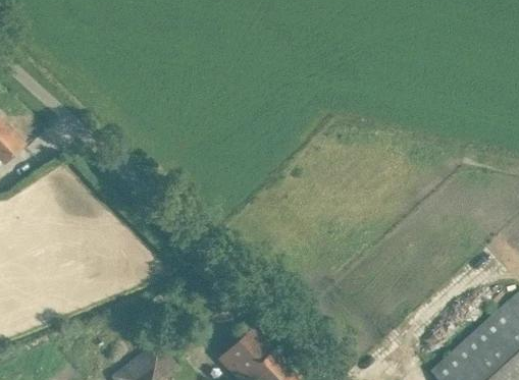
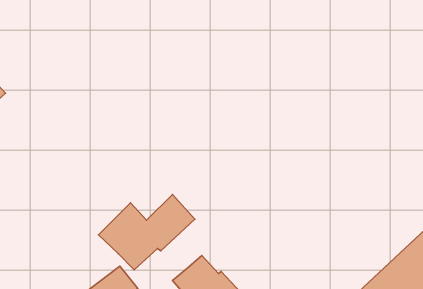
building: none -> [99,194,195,270]

